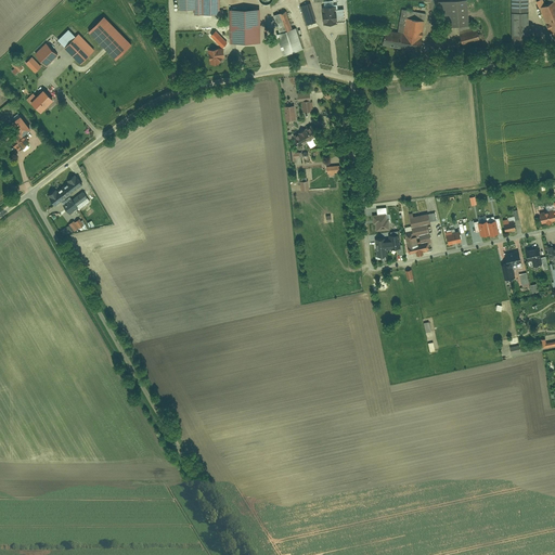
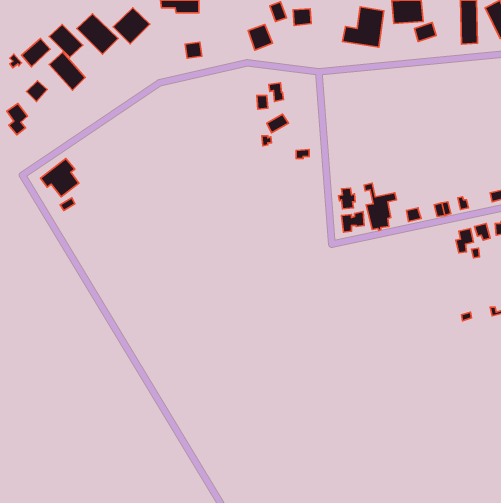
building: none -> [113,8,150,44]
building: [224,11,259,43] -> none
building: none -> [49,52,85,90]

